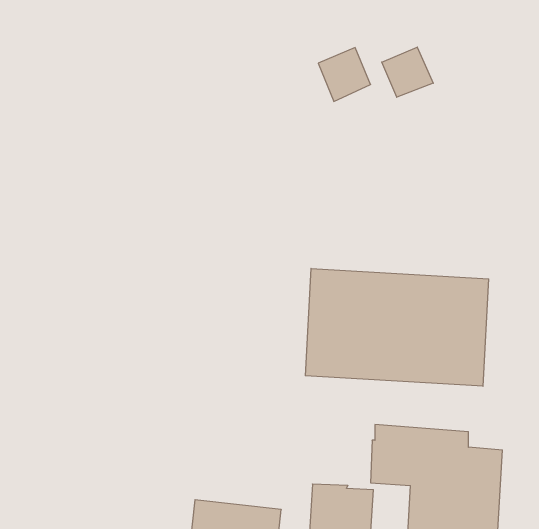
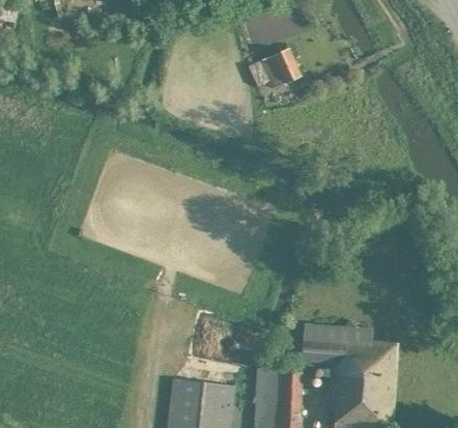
building: [382,47,433,97] -> none
building: [305,268,489,386] -> none

